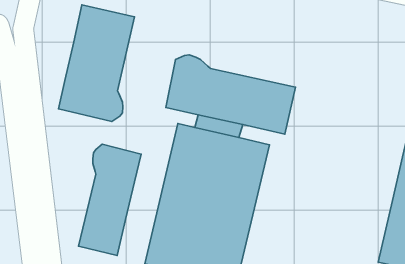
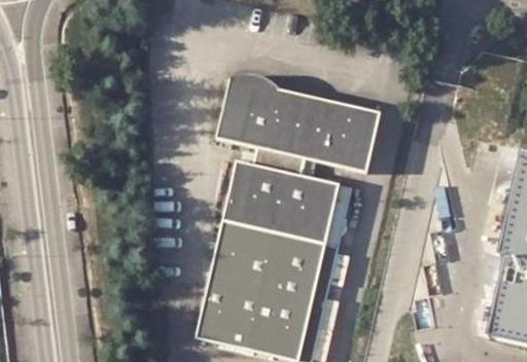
building: [59,5,134,122] -> none
building: [78,144,141,256] -> none

